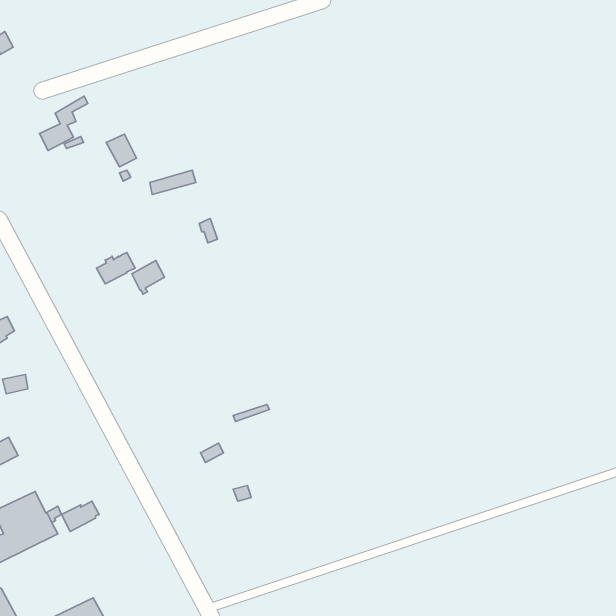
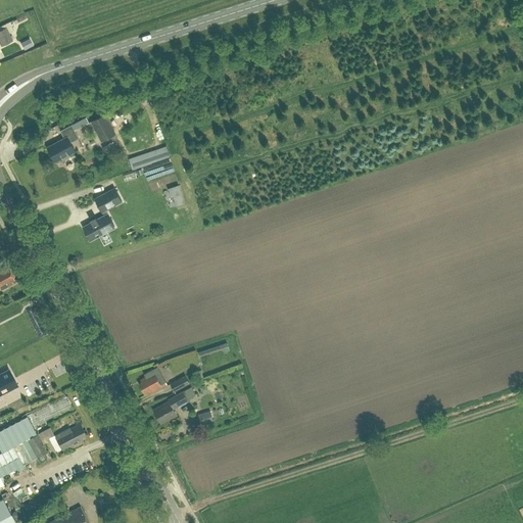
building: [40,96,88,151] -> [46,117,87,163]
building: [132,260,164,294] -> [94,188,122,217]
building: none -> [138,368,165,396]
building: none -> [152,387,195,425]

